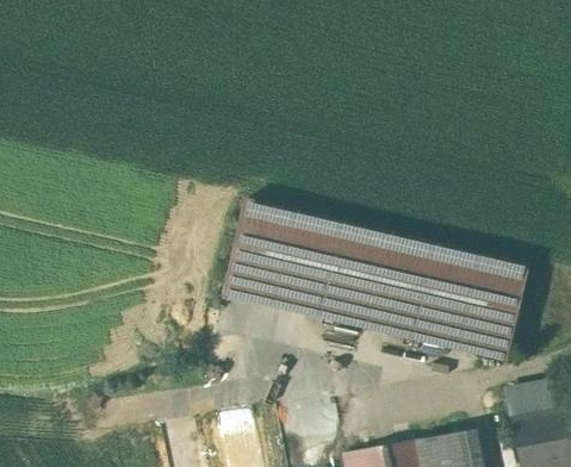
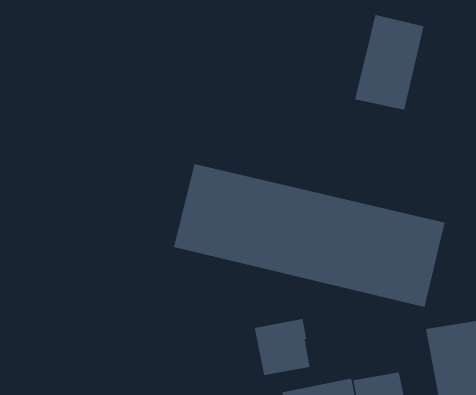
building: none -> [354,14,424,110]
building: none -> [254,318,310,376]

